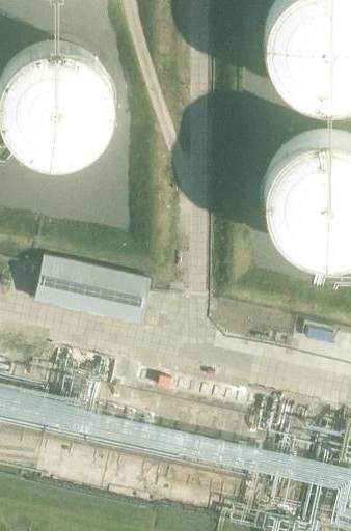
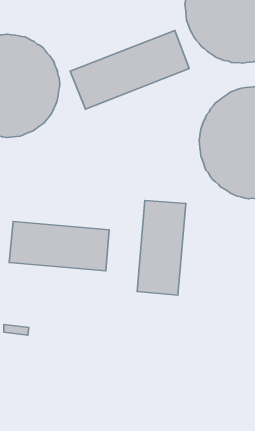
building: none -> [70,30,189,109]
building: none -> [137,201,186,295]

